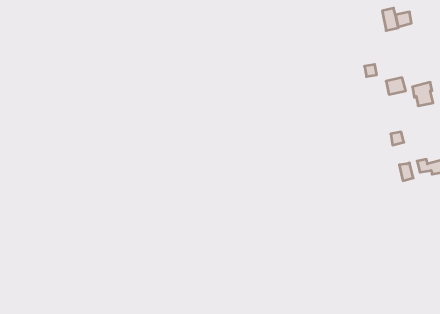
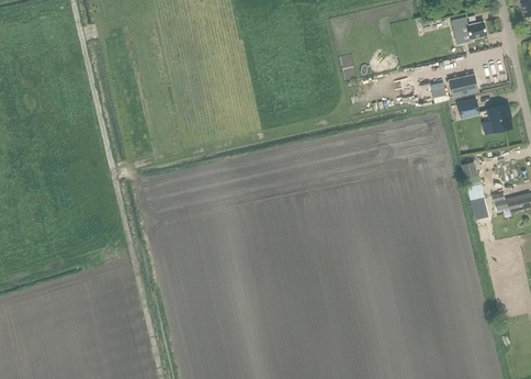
building: none -> [447,73,478,98]

